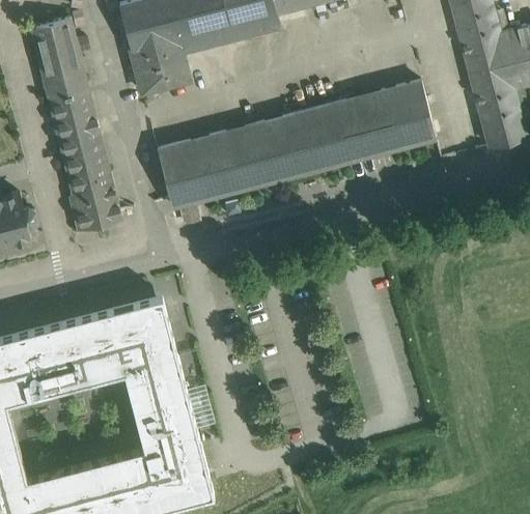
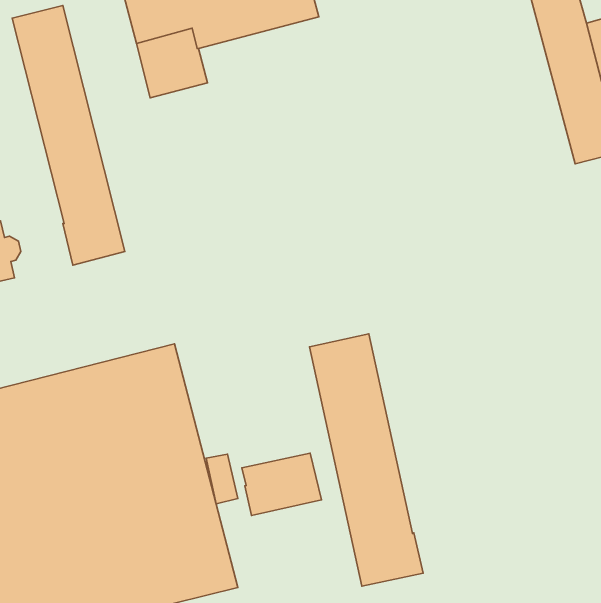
building: [157,82,436,207] -> none
building: none -> [309,334,423,586]
building: none -> [242,453,321,515]

